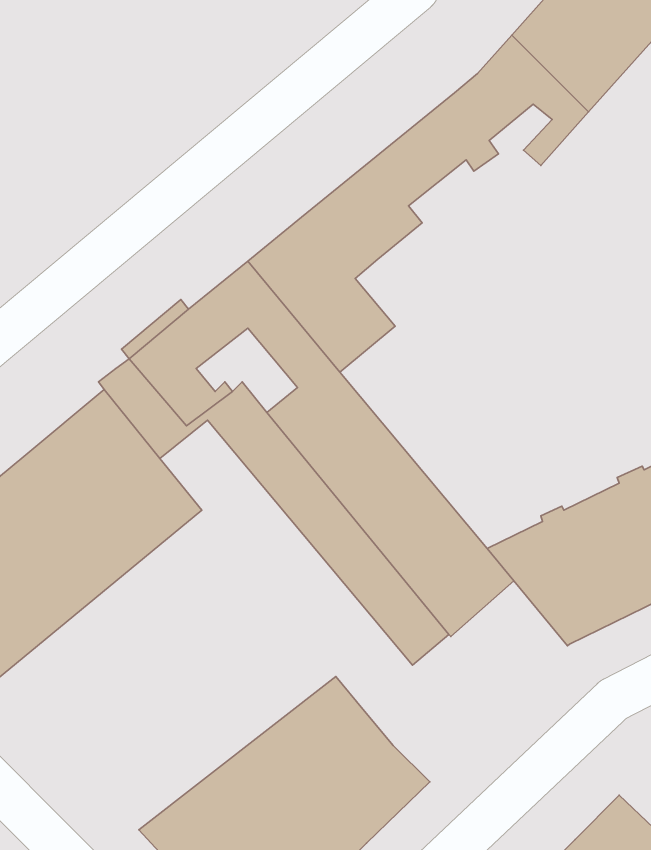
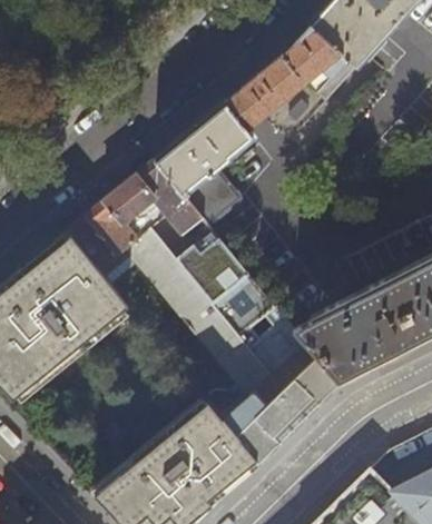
building: none -> [220,346,340,463]

